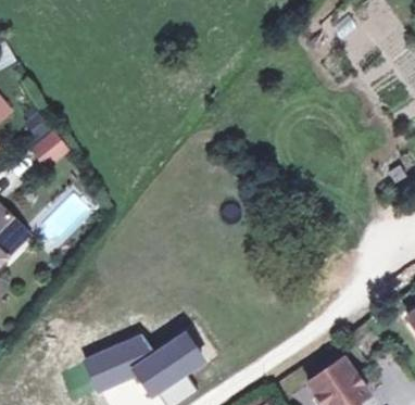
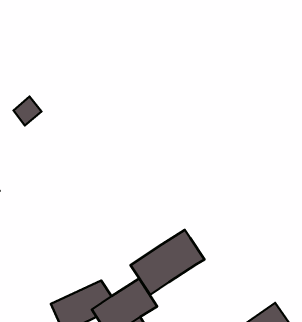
building: none -> [130,230,204,295]

